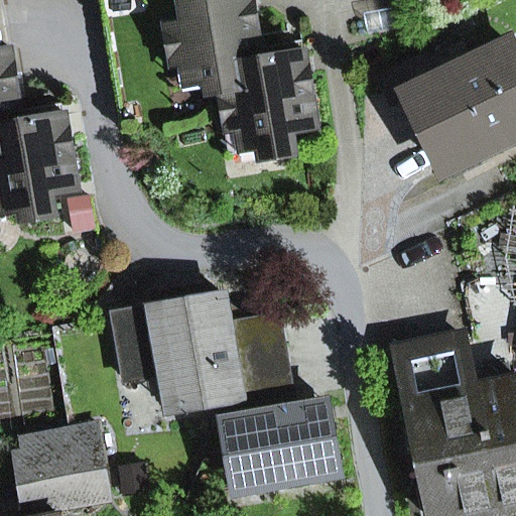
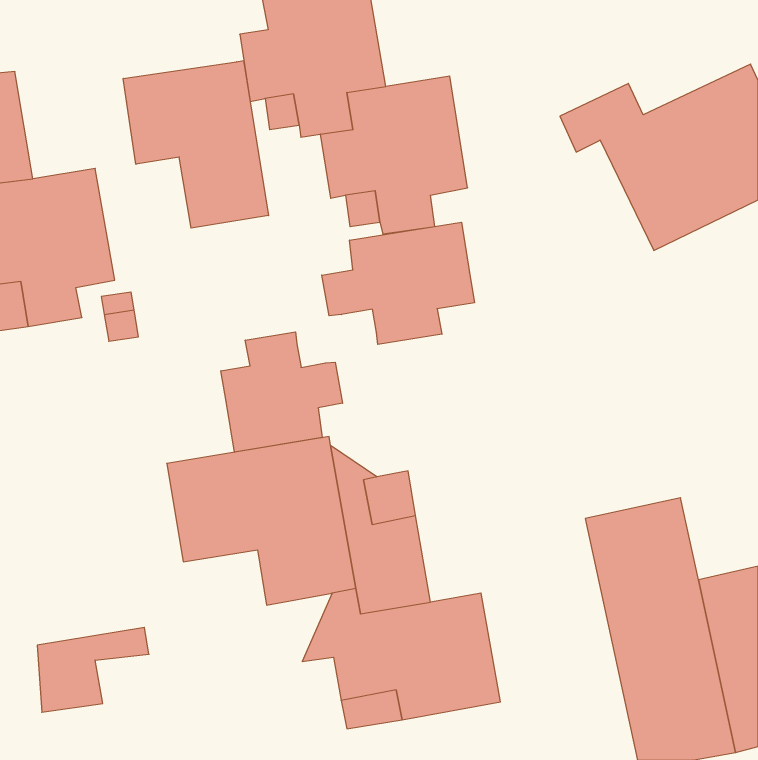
building: none -> [123,61,269,228]
building: none -> [322,222,474,344]
building: none -> [221,332,343,452]
building: [28,442,108,510] -> none

